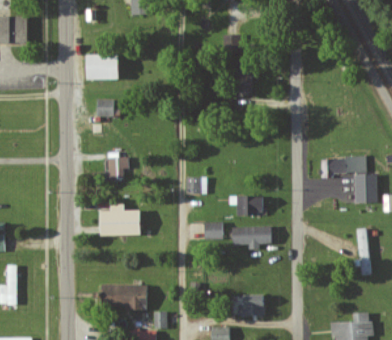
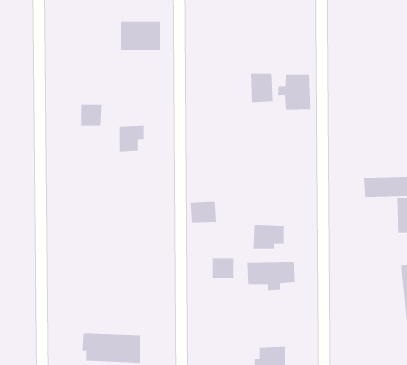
building: [84,56,117,80] -> [120,21,161,51]
building: none -> [277,74,311,110]
building: [108,157,129,179] -> [119,125,145,152]
building: [98,205,139,236] -> none

